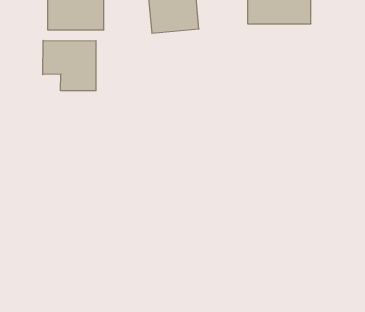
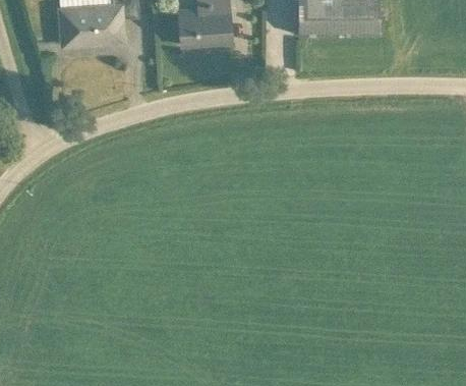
building: [43,40,96,91] -> none

